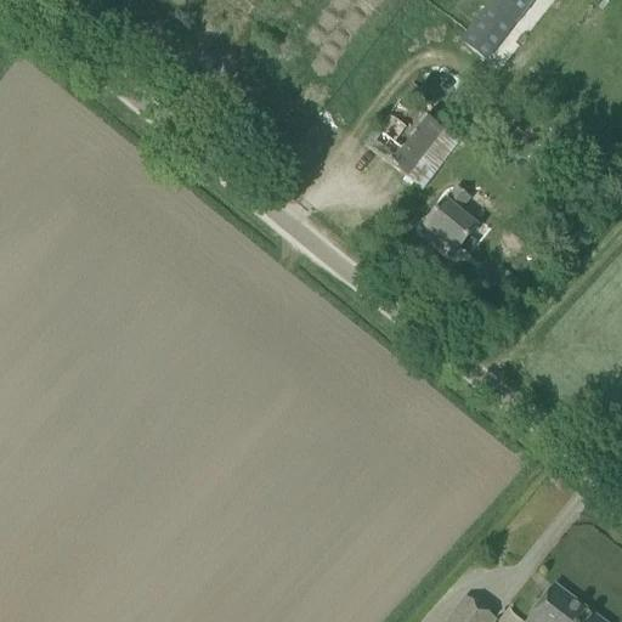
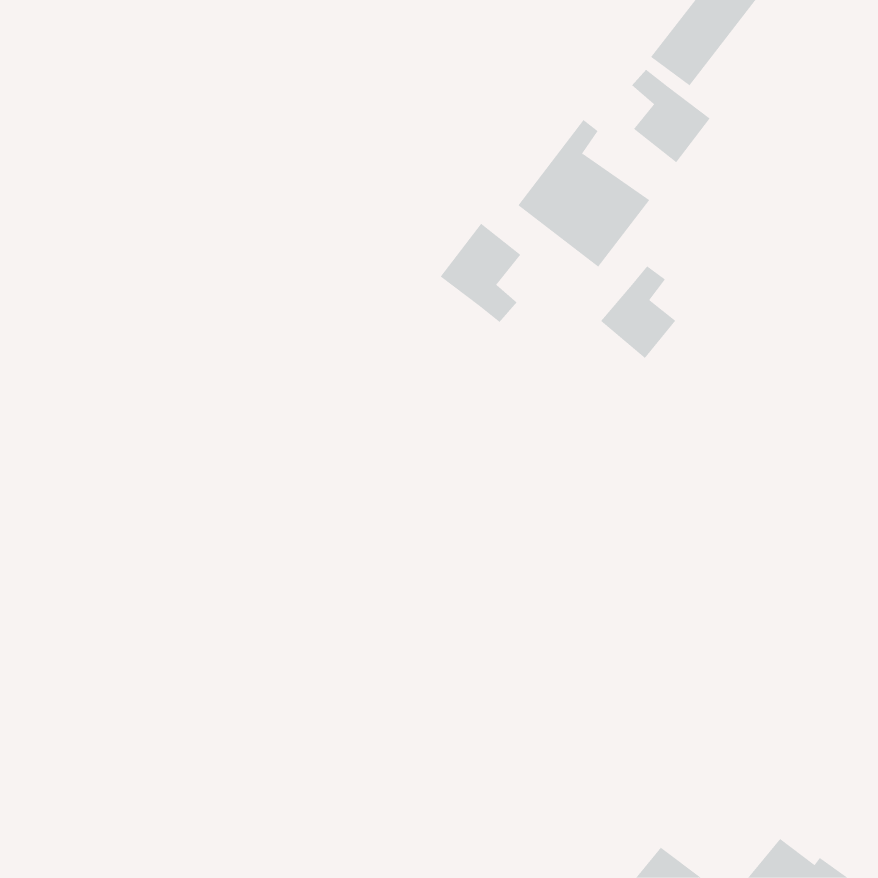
building: none -> [631,69,711,163]
building: none -> [440,223,521,323]

